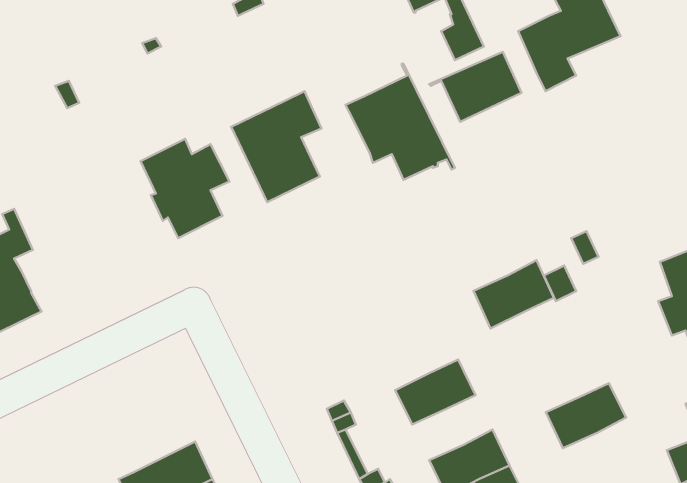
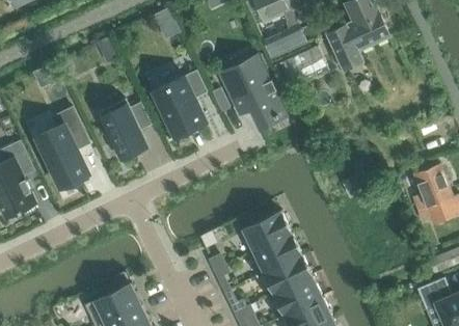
building: none -> [36,107,89,188]
building: [473,260,554,328] -> [242,210,291,251]
building: [546,383,626,448] -> [263,254,312,294]

